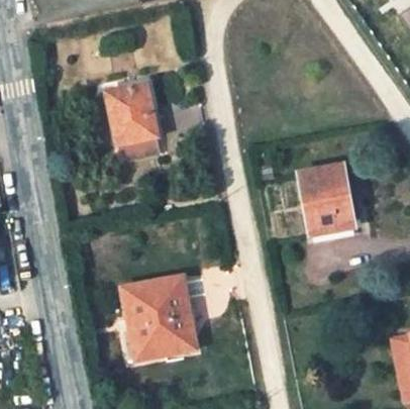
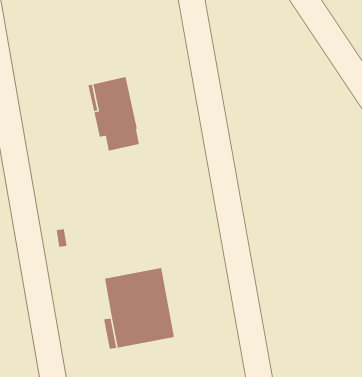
building: [300,165,351,233] -> none

